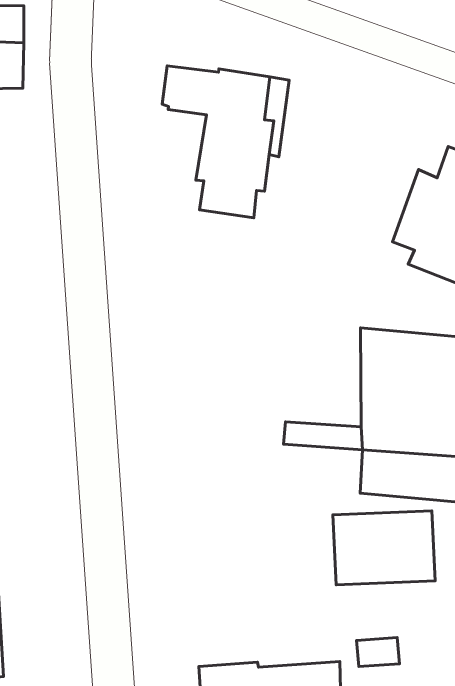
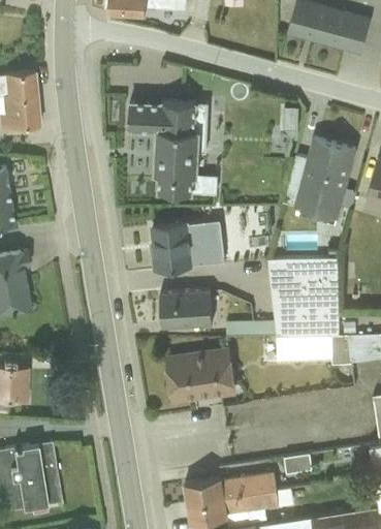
building: none -> [153,221,224,270]
building: none -> [160,290,213,328]
building: [333,511,435,585] -> [167,349,236,402]

